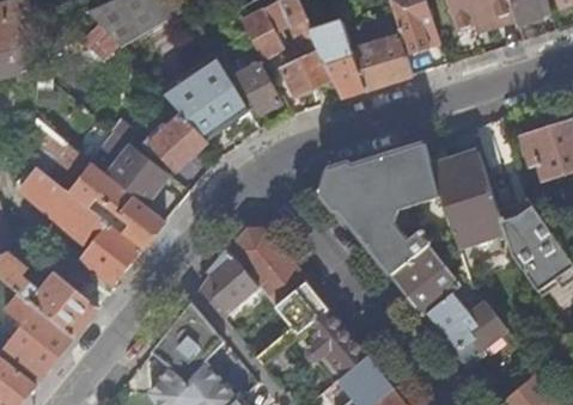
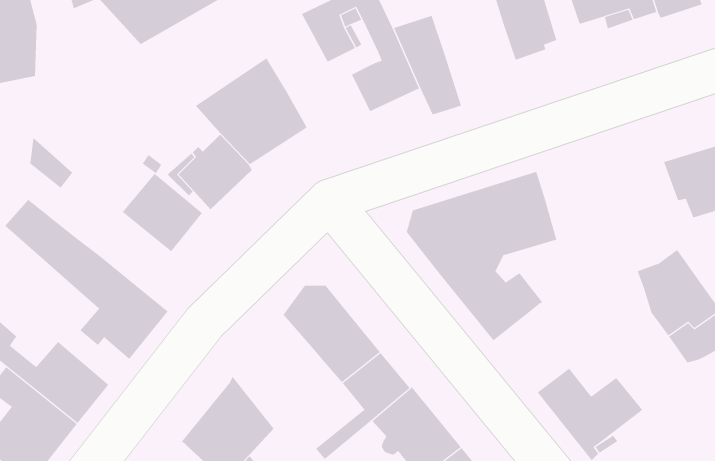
building: [353,29,414,92] -> none
building: [231,63,280,115] -> none
building: [431,149,505,246] -> none
building: [68,161,164,250] -> none
building: [390,244,458,312] -> none
building: [211,252,258,313] -> none

